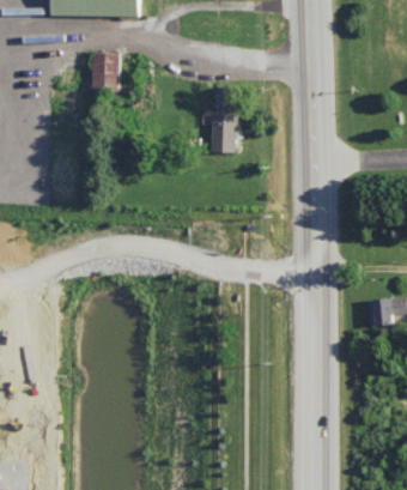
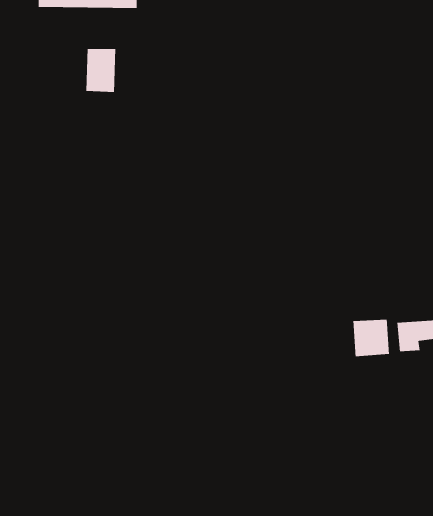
building: [212,89,237,152] -> none
building: none -> [353,319,390,357]

